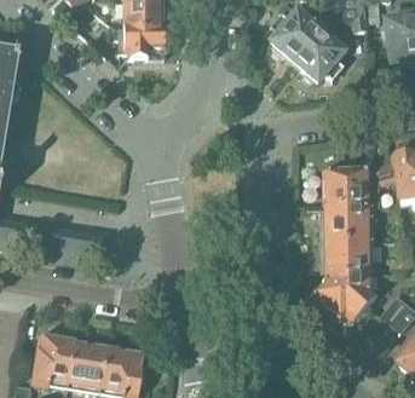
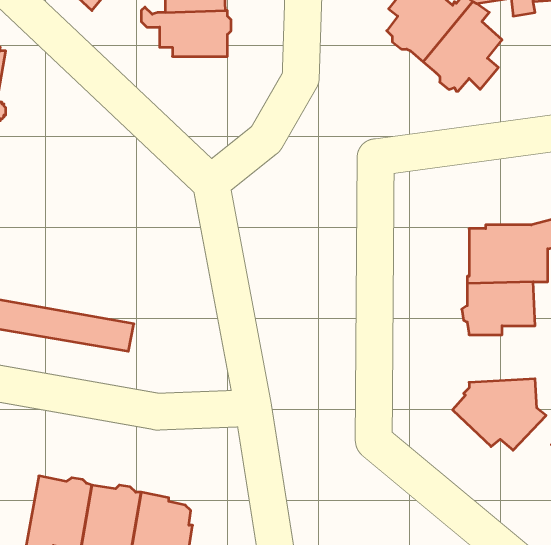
building: [322,236,369,273] -> none

